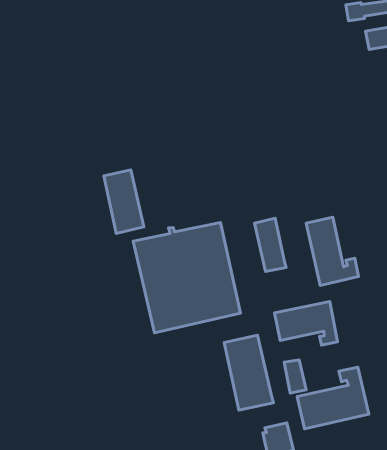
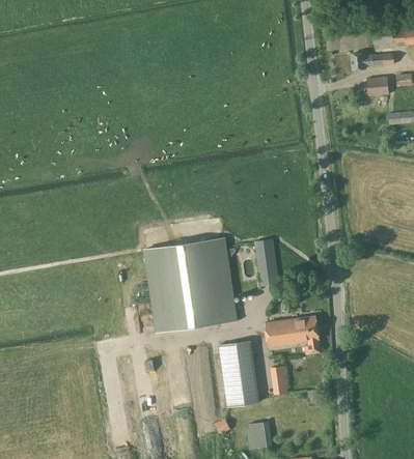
building: [104,170,144,233] -> none
building: [306,217,359,286] -> none
building: [297,367,369,429] -> none

